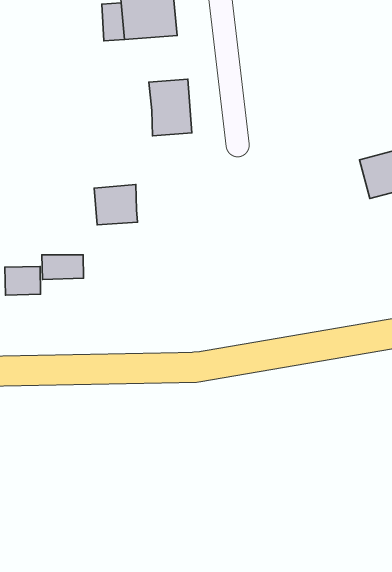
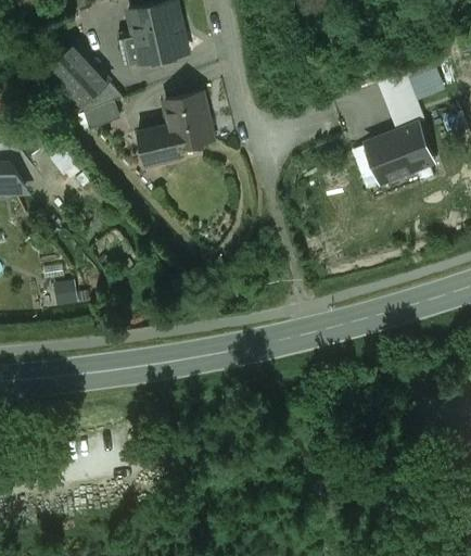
building: none -> [44,47,123,114]
building: [94,184,138,225] -> [136,126,178,166]
building: [42,255,84,280] -> none

